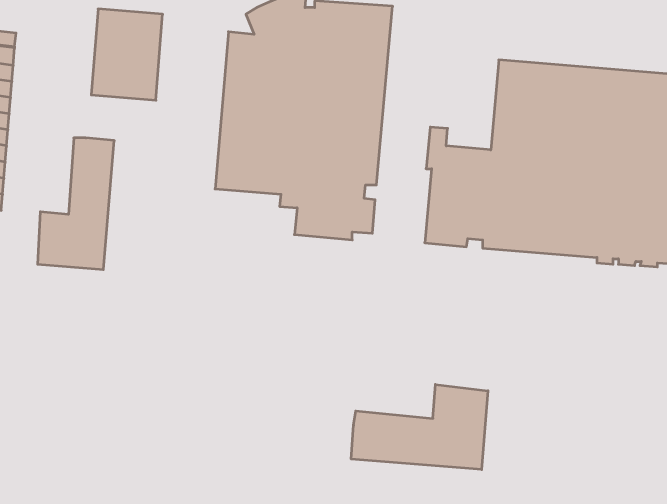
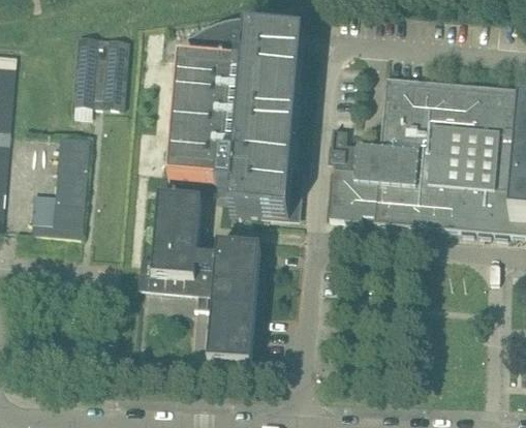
building: none -> [140,194,260,364]
building: [351,384,488,470] -> none

